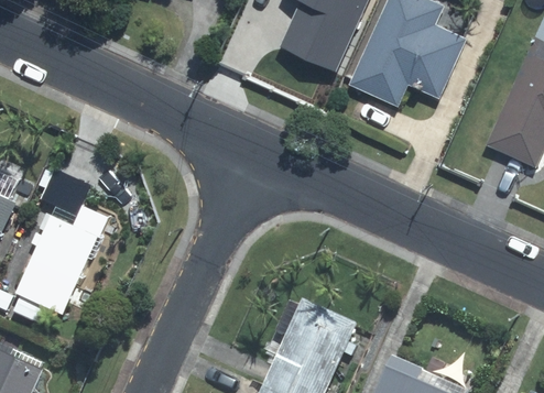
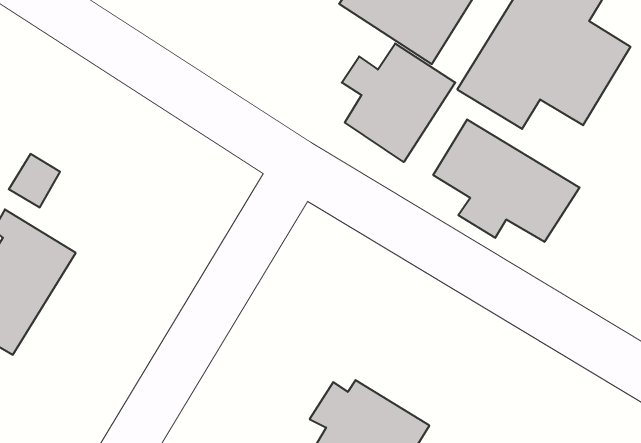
building: none -> [342,43,455,162]
building: none -> [433,119,580,242]

